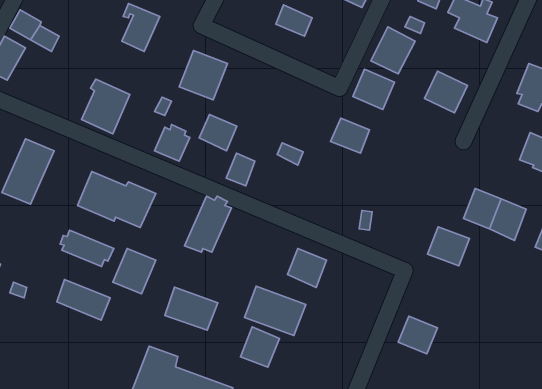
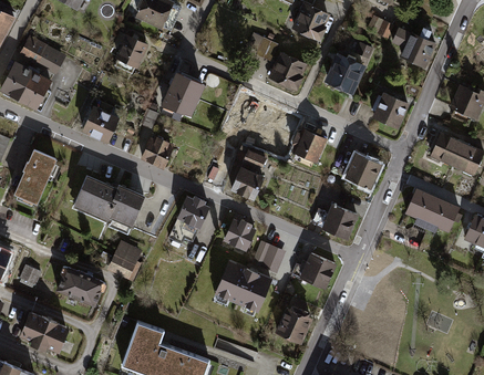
building: none -> [17,70,49,110]
building: [353,69,395,110] -> [271,52,307,86]
building: [199,115,237,151] -> [230,168,262,199]
building: none -> [429,133,461,165]
building: none -> [347,154,381,188]
building: none -> [223,218,255,248]
building: [428,227,469,266] -> [326,207,361,240]
building: [60,230,114,267] -> none
building: [165,287,218,330] -> none
building: [398,316,437,354] -> [302,252,336,284]
building: [241,327,280,367] -> [278,306,311,341]
building: none -> [19,312,68,350]

